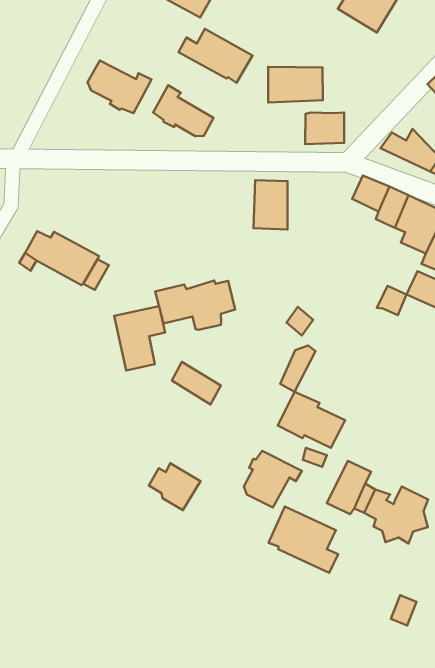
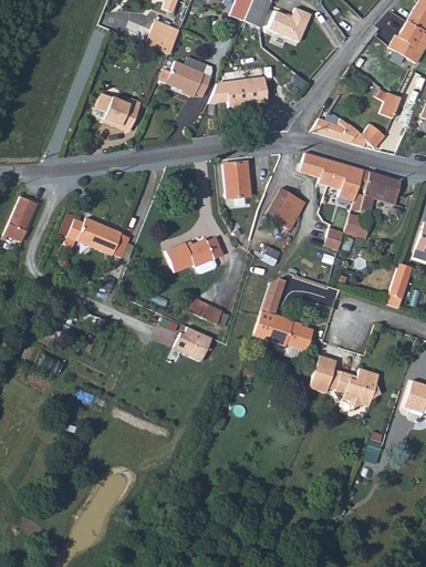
building: [153,85,213,136] -> none
building: [305,112,344,144] -> none
building: none -> [264,187,303,227]
building: [114,306,165,370] -> none
building: [244,451,302,507] -> none
building: [149,463,200,510] -> [174,328,210,360]
building: [269,506,338,573] -> none

